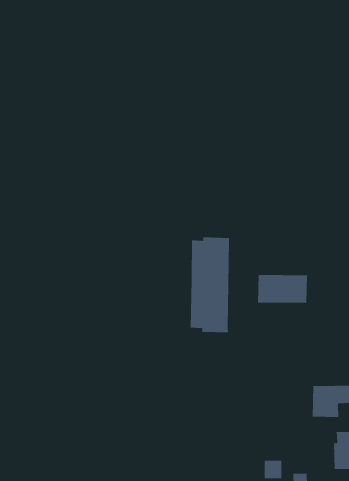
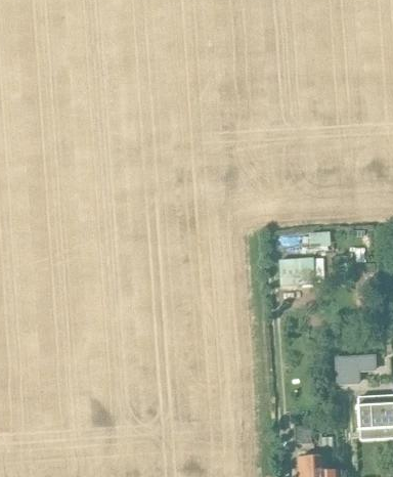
building: [190,237,230,333] -> none

